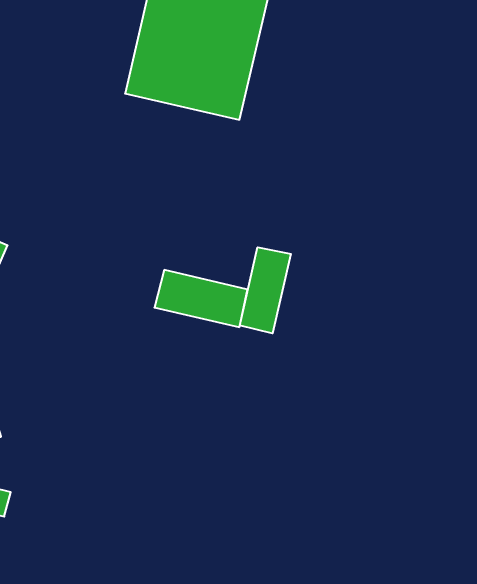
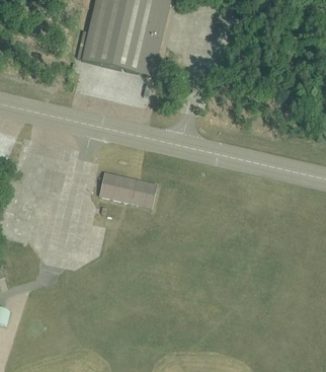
building: [240,247,291,333] -> none

